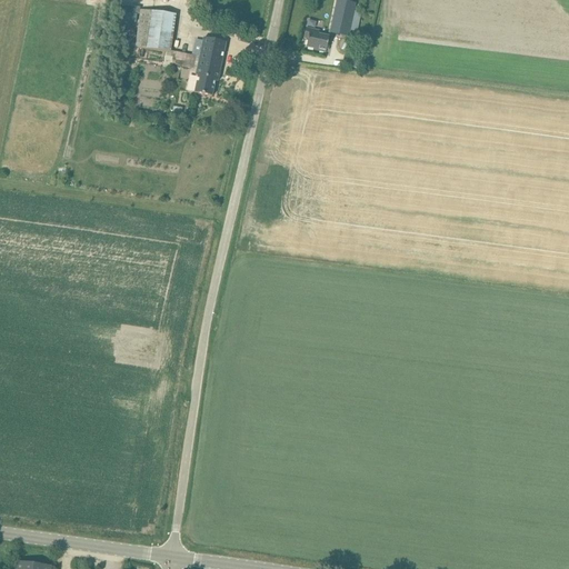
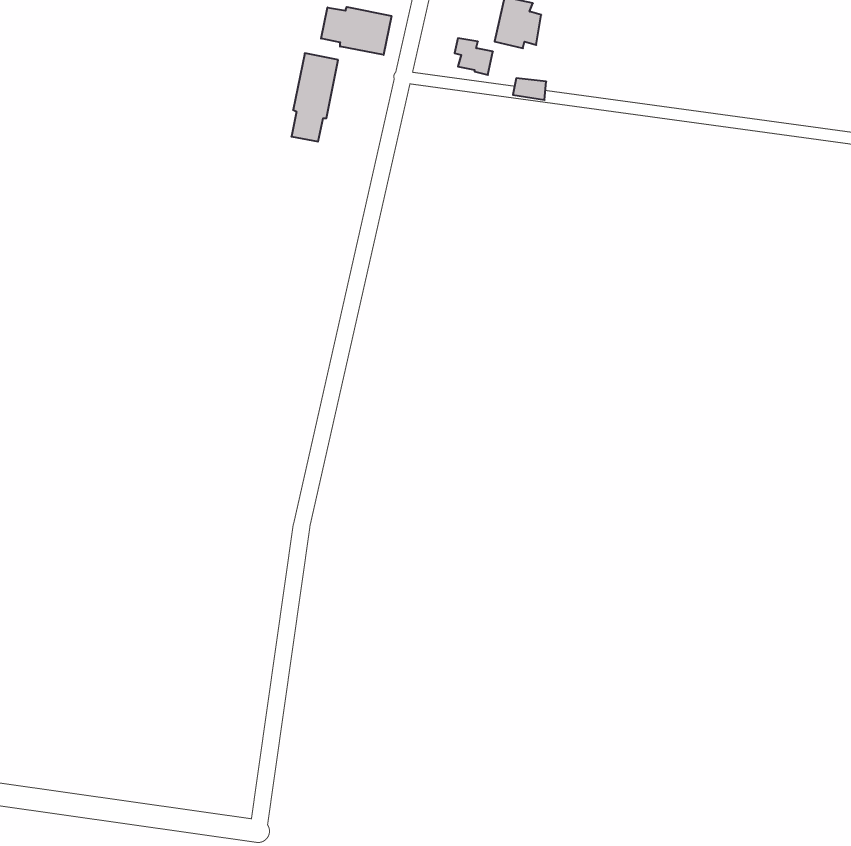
building: none -> [321,7,391,55]
building: [134,8,174,49] -> none

